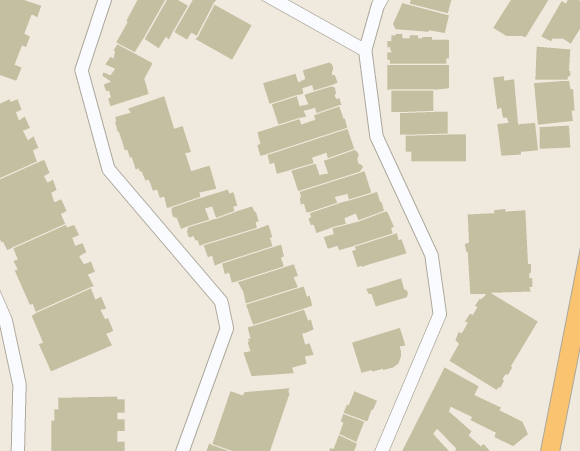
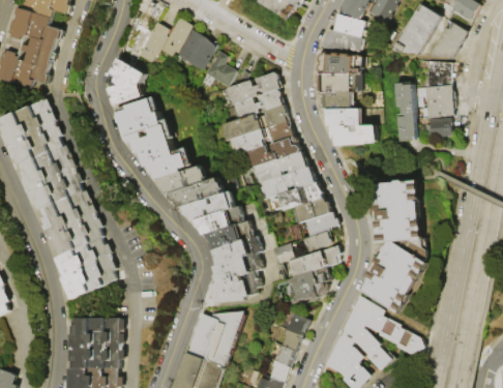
building: none -> [199,51,235,87]
building: none -> [303,211,337,236]
building: none -> [288,244,339,276]

